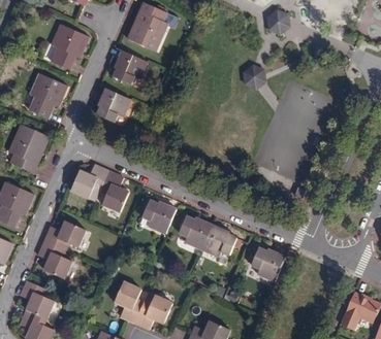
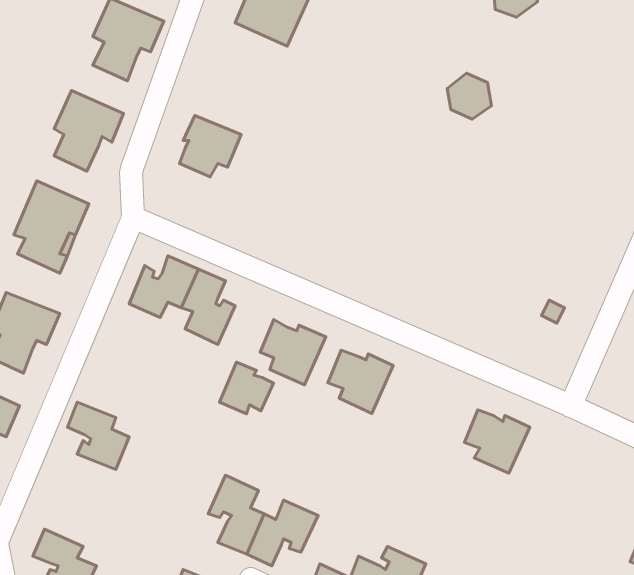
building: [114,49,148,84] -> none
building: [43,219,86,249] -> none
building: none -> [220,362,274,414]
building: [201,222,236,255] -> none
building: [21,280,55,318] -> none

